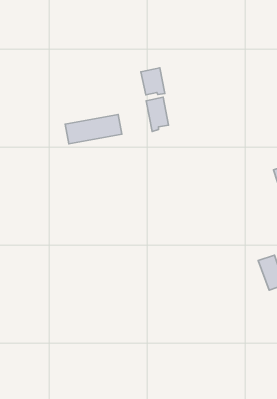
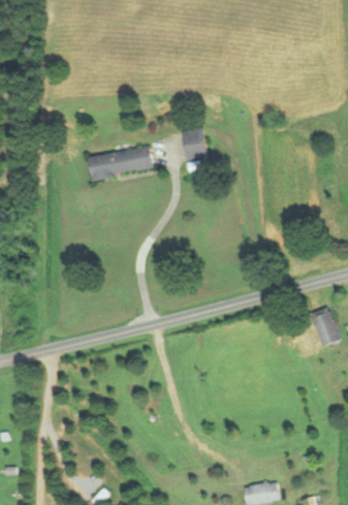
building: [141,68,165,95] -> none

